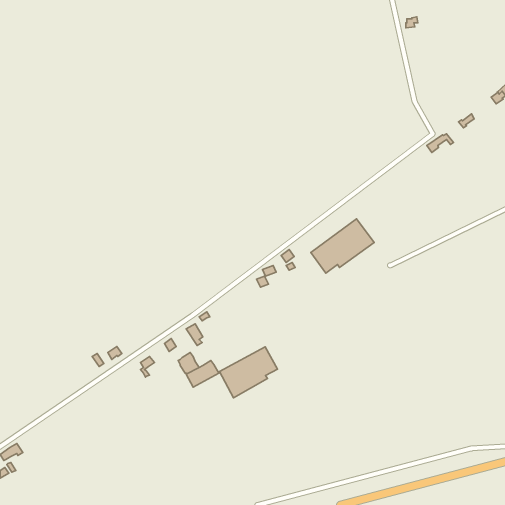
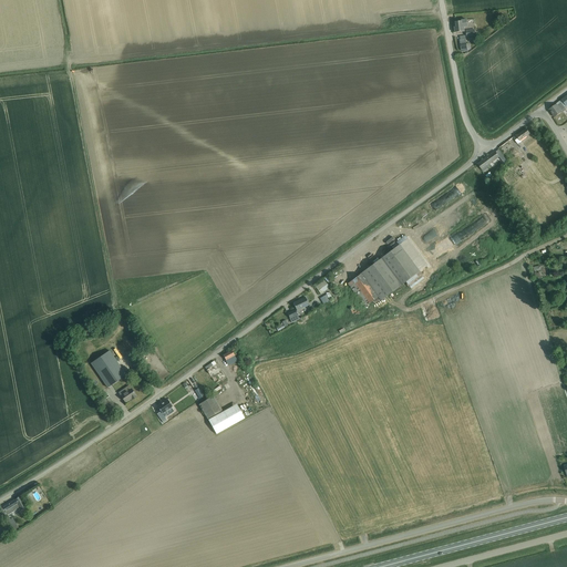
building: none -> [92,349,127,386]
building: [220,347,278,398] -> none

